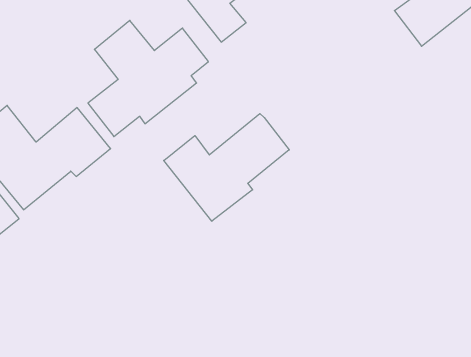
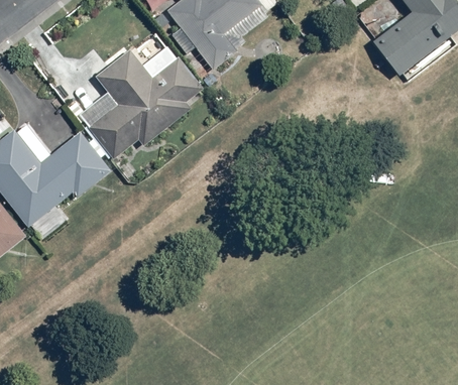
building: [164,114,289,221] -> none

